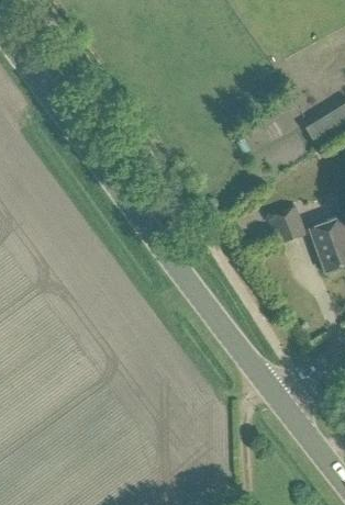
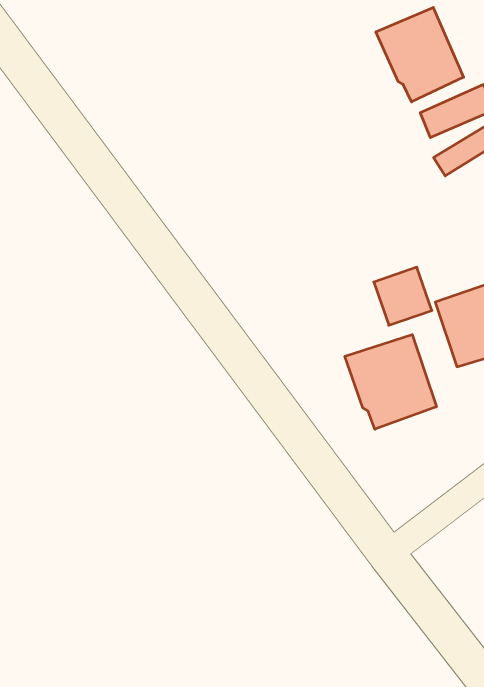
building: none -> [376,7,464,102]
building: none -> [345,335,436,429]

